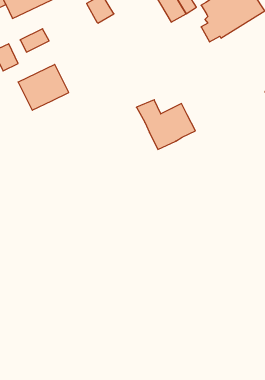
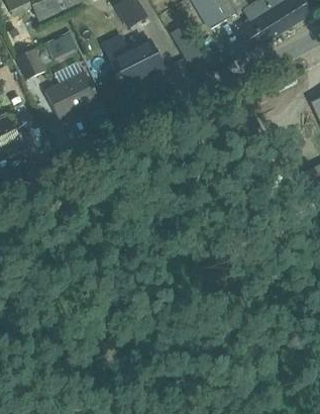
building: [136,100,195,149] -> [101,34,165,88]

